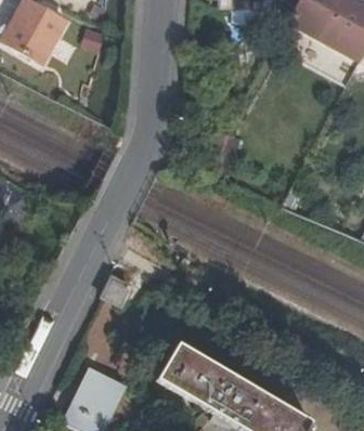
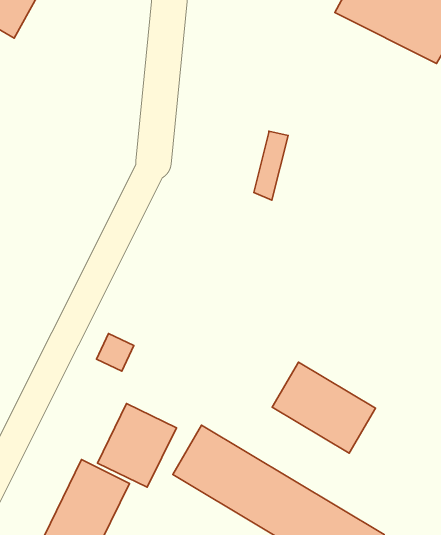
building: none -> [272,362,376,453]
building: none -> [97,404,176,487]

